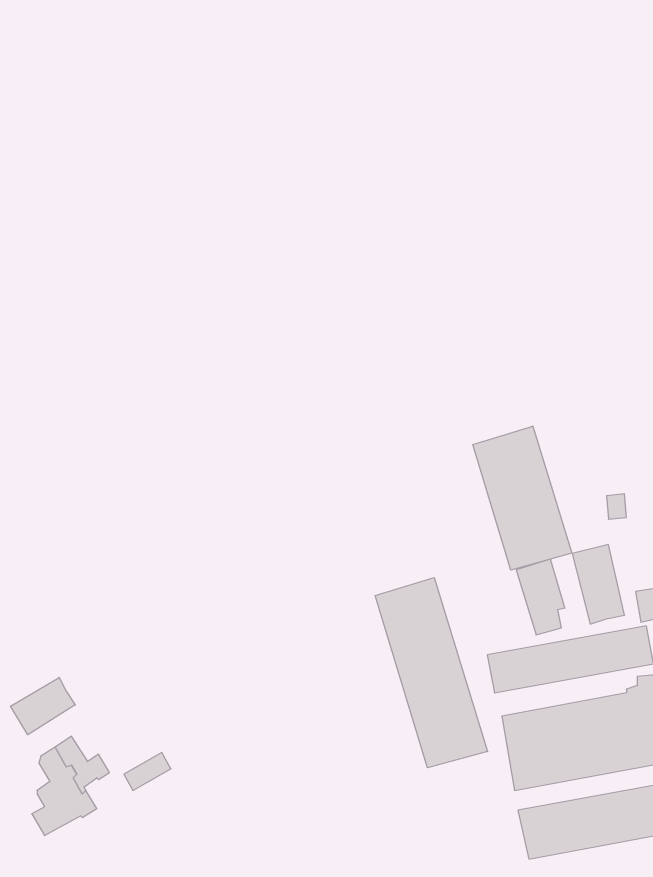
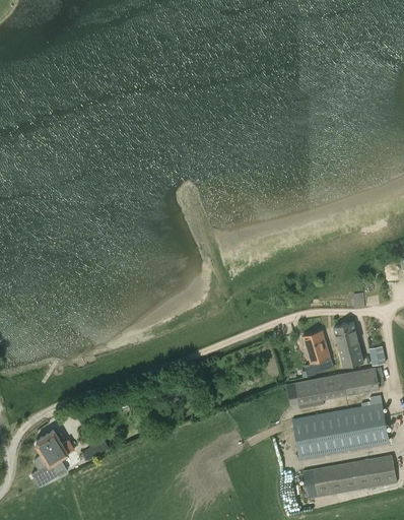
building: [473,426,572,570] -> none
building: [375,578,488,768] -> none
building: [11,677,75,735] -> none

